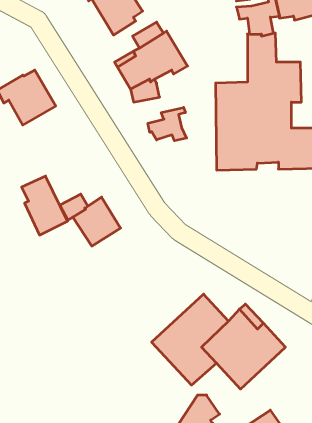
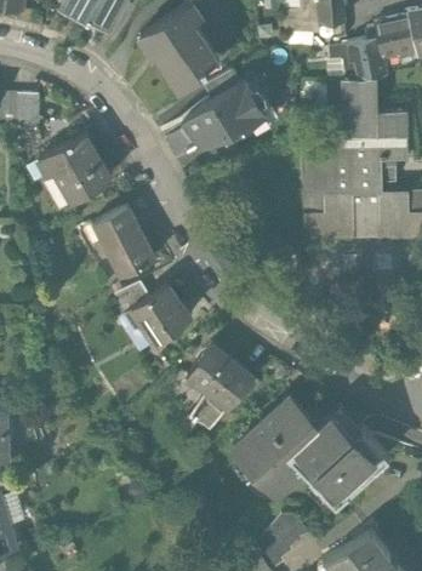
building: [148,107,187,141] -> none
building: [22,176,68,235] -> [98,200,154,272]
building: none -> [187,348,253,435]

